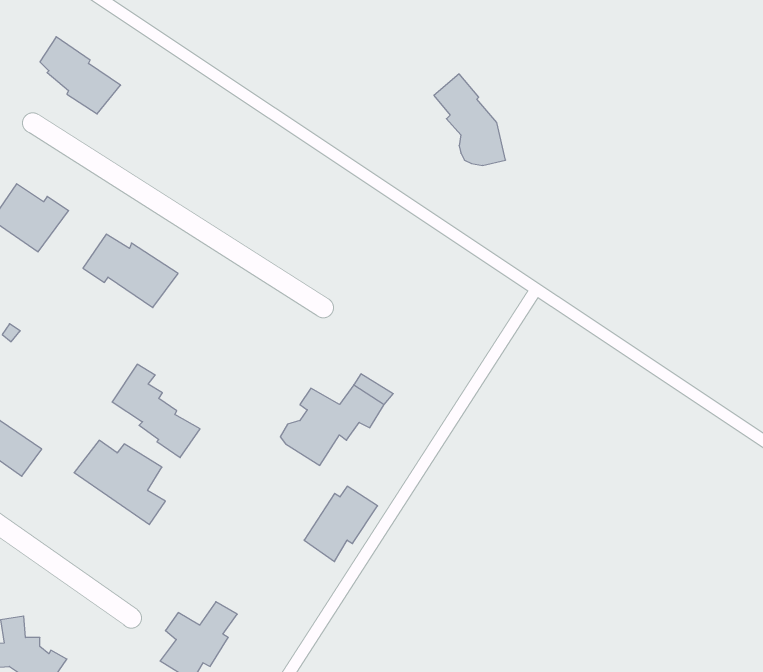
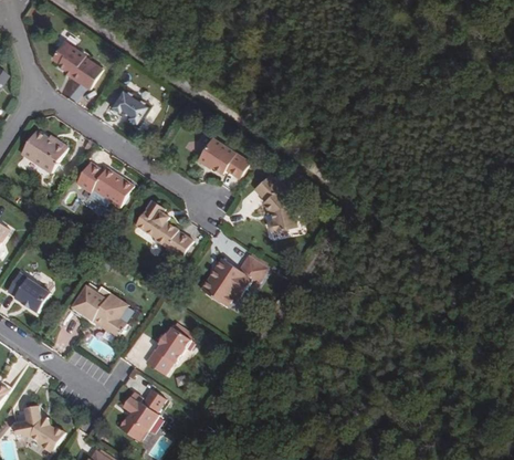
building: [434,74,506,165] -> [252,175,296,231]
building: none -> [108,88,149,126]
building: none -> [193,137,246,178]
building: [112,364,200,458] -> [136,201,190,259]
building: [304,486,378,562] -> [147,325,192,372]

